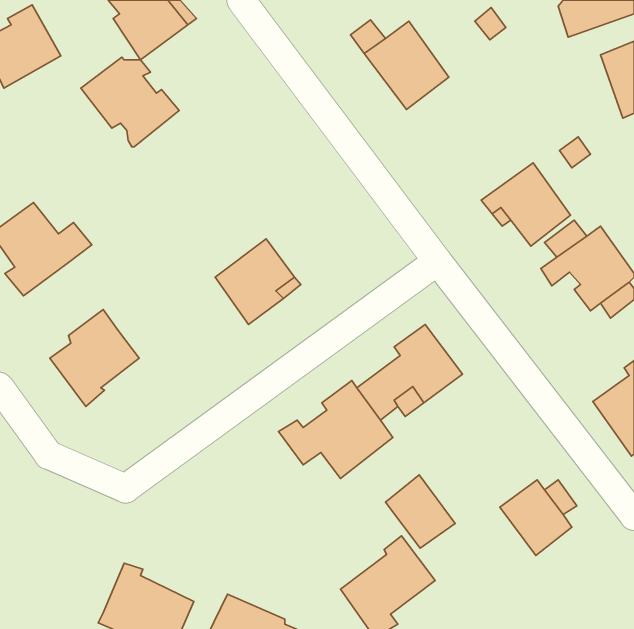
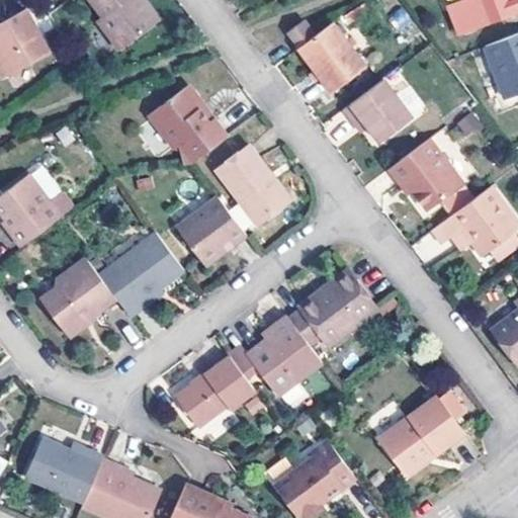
building: [81,57,179,147] -> [146,91,226,164]
building: none -> [344,79,413,140]
building: none -> [215,146,284,222]
building: none -> [96,231,180,314]
building: none -> [175,356,251,425]
building: [385,475,455,548] -> [379,418,436,478]
building: none -> [25,438,104,504]

